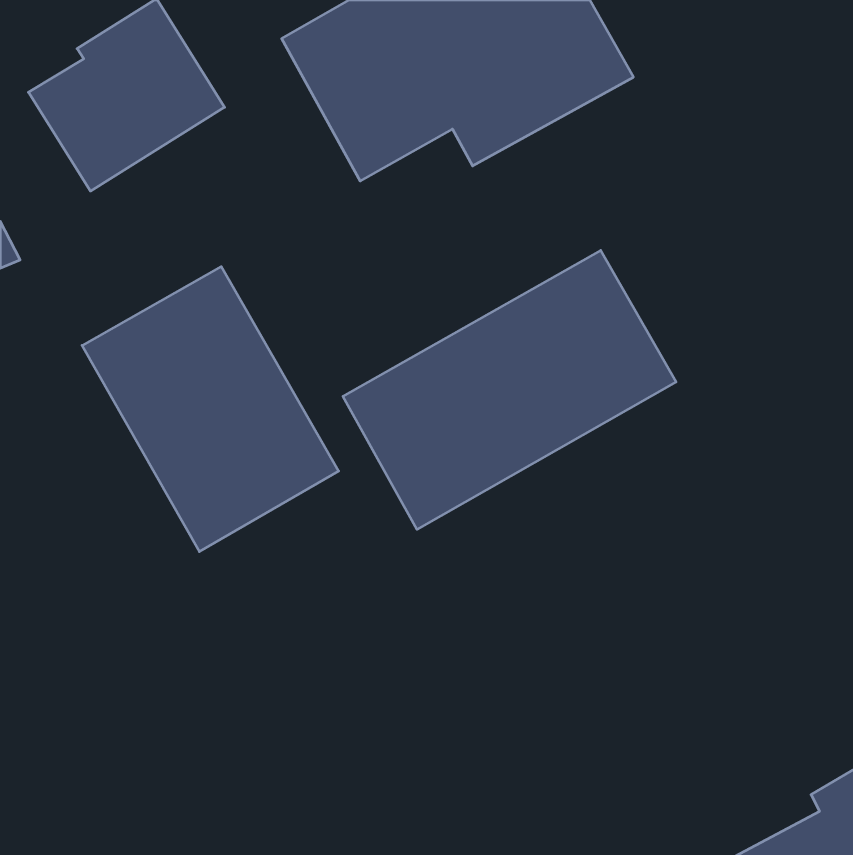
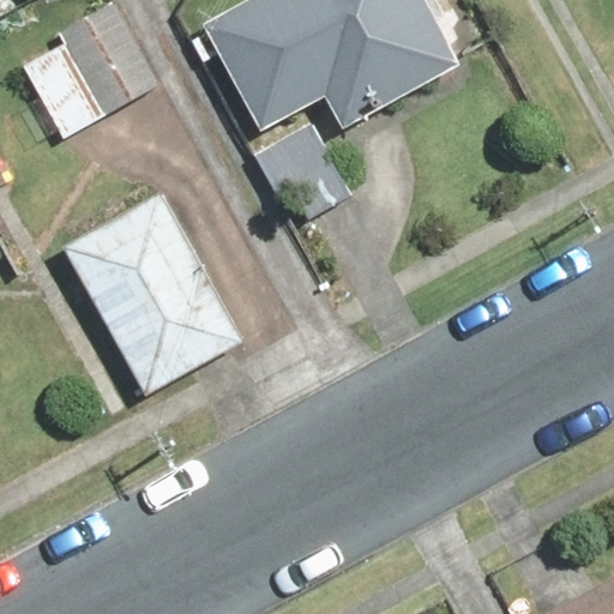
building: [343,250,676,529] -> none

